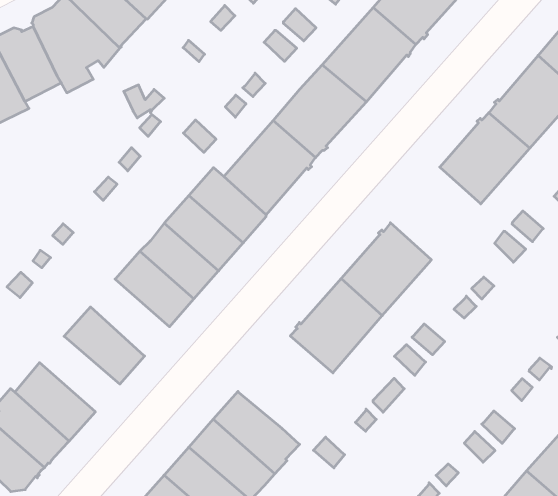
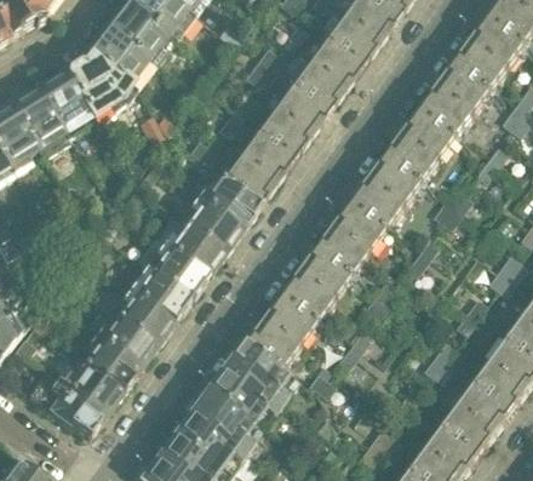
building: none -> [351,156,419,228]
building: none -> [127,264,189,321]
building: none -> [247,296,317,367]
building: none -> [92,311,155,367]

